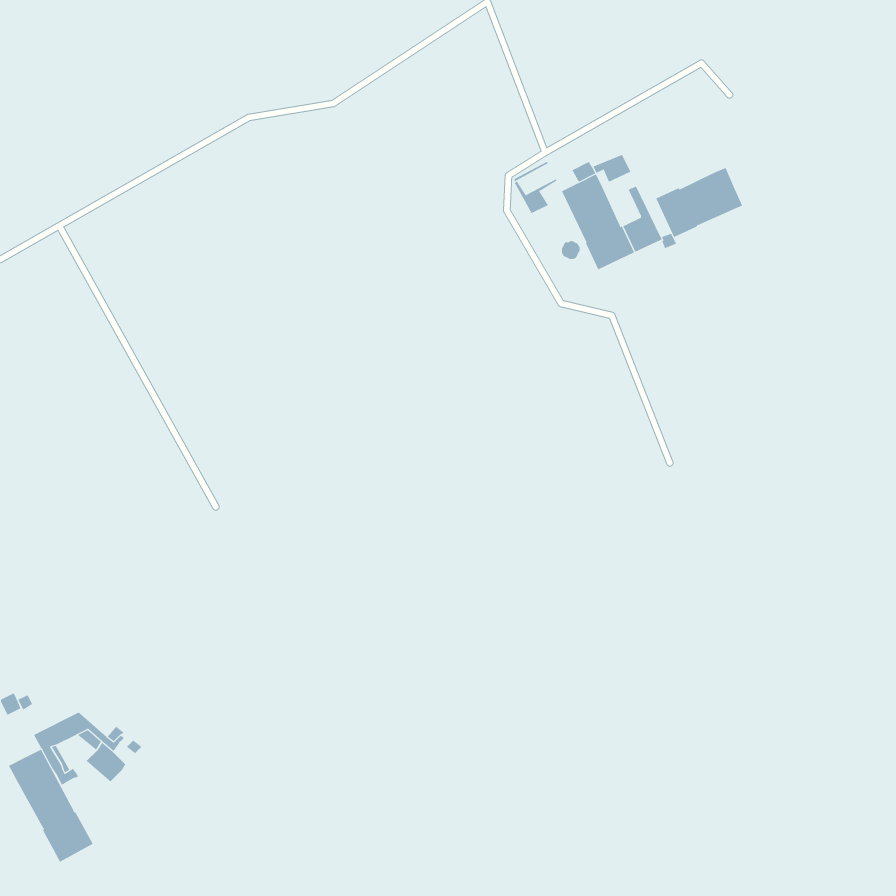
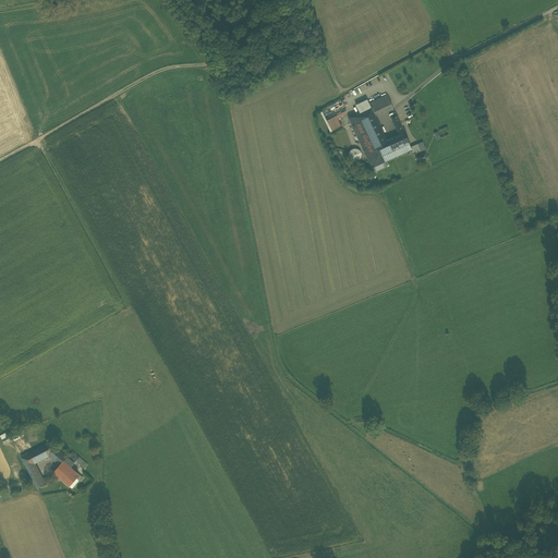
building: [656,167,743,238] -> none
building: [8,749,94,862] -> none

